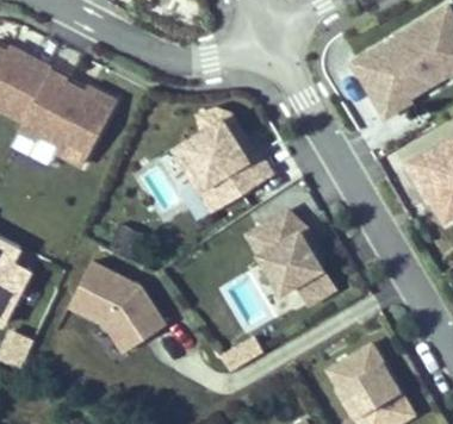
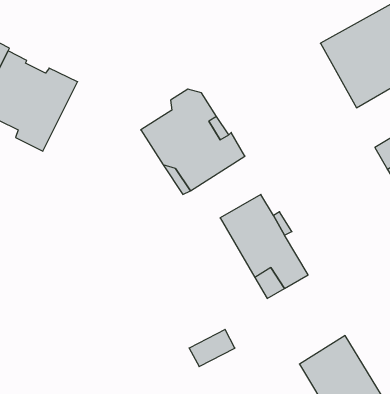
building: [76,263,167,354] -> none

